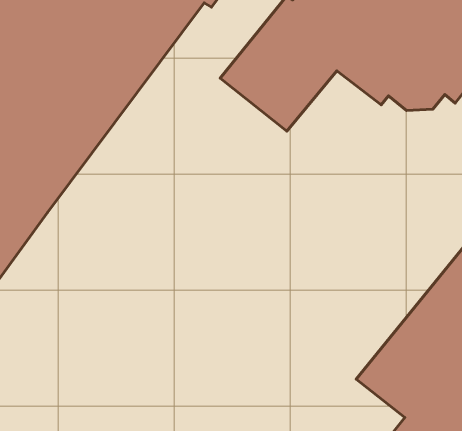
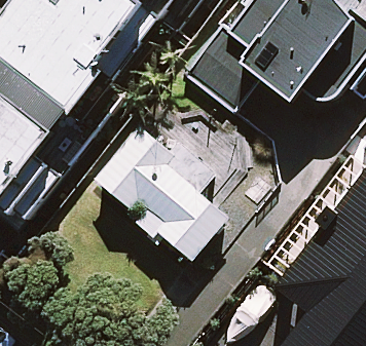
building: none -> [95,120,221,249]

